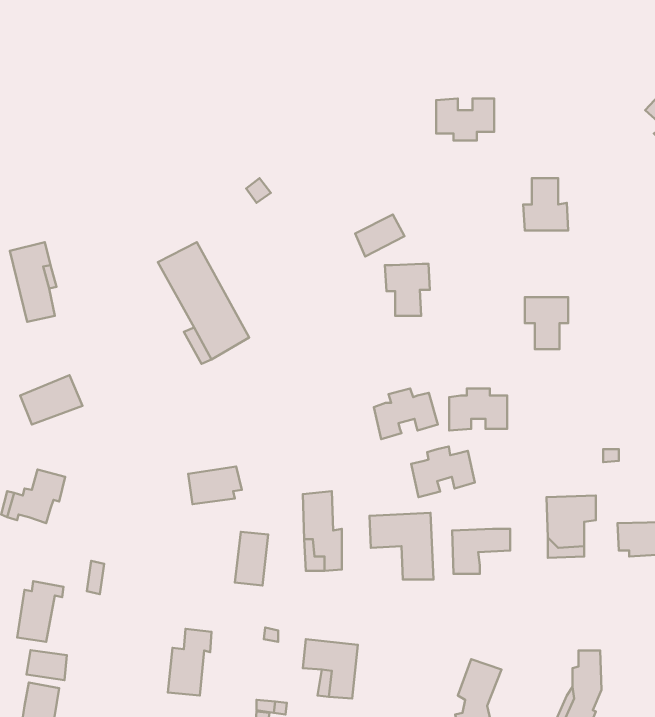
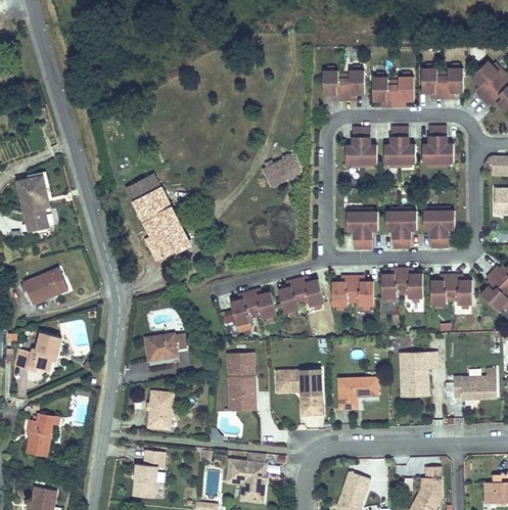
building: none -> [421,71,462,100]
building: none -> [372,80,413,109]
building: none -> [345,129,376,166]
building: none -> [421,129,453,166]
building: [385,264,430,316] -> [345,213,377,249]
building: none -> [422,212,453,248]
building: none -> [379,269,420,298]
building: none -> [429,276,470,306]
building: [411,446,475,497] -> [230,289,275,325]
building: [235,532,268,585] -> [150,387,174,425]
building: [26,650,67,680] -> none

